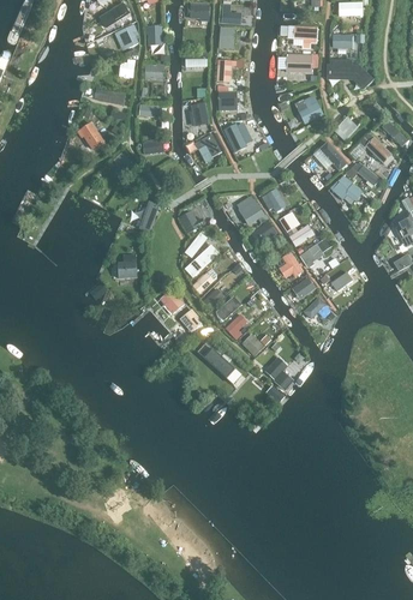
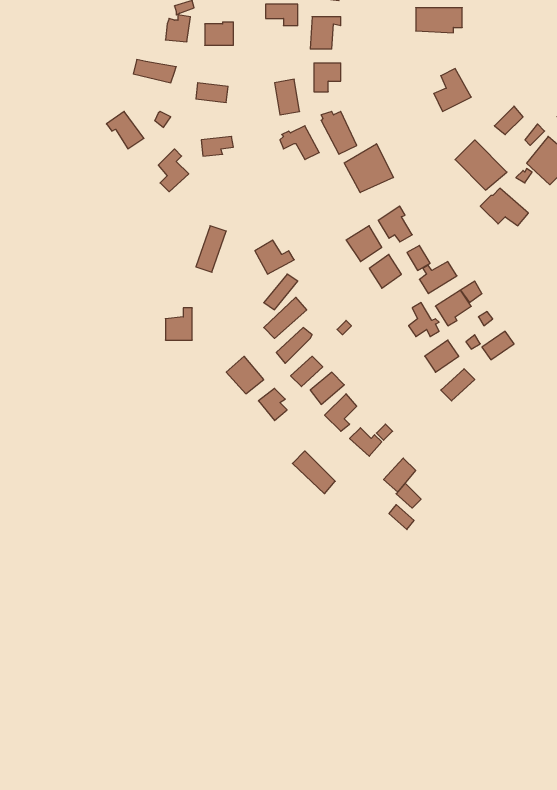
building: [325,60,371,85] -> none
building: none -> [344,144,393,193]

